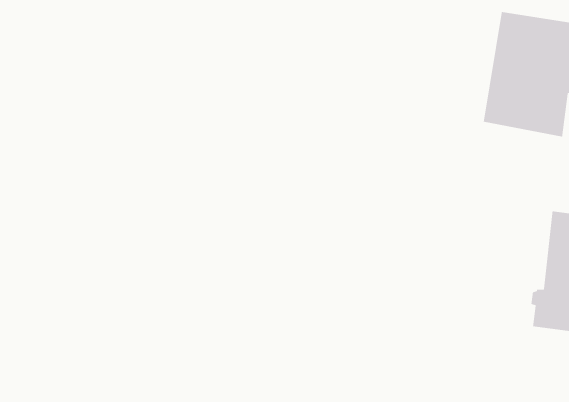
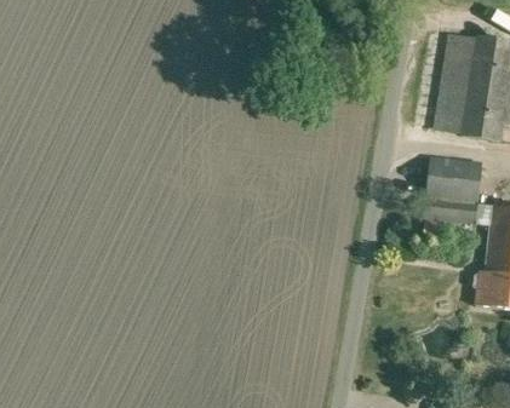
building: none -> [422,155,482,239]

